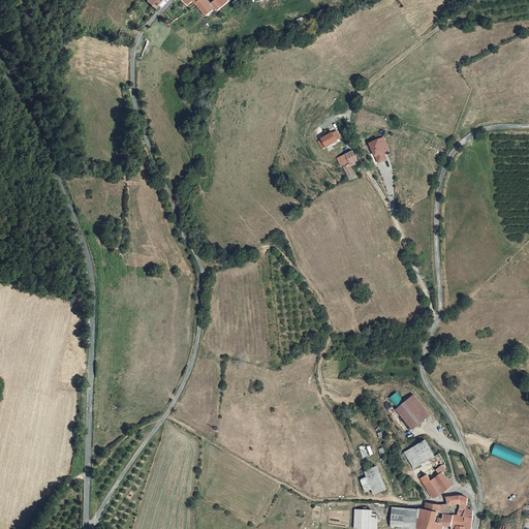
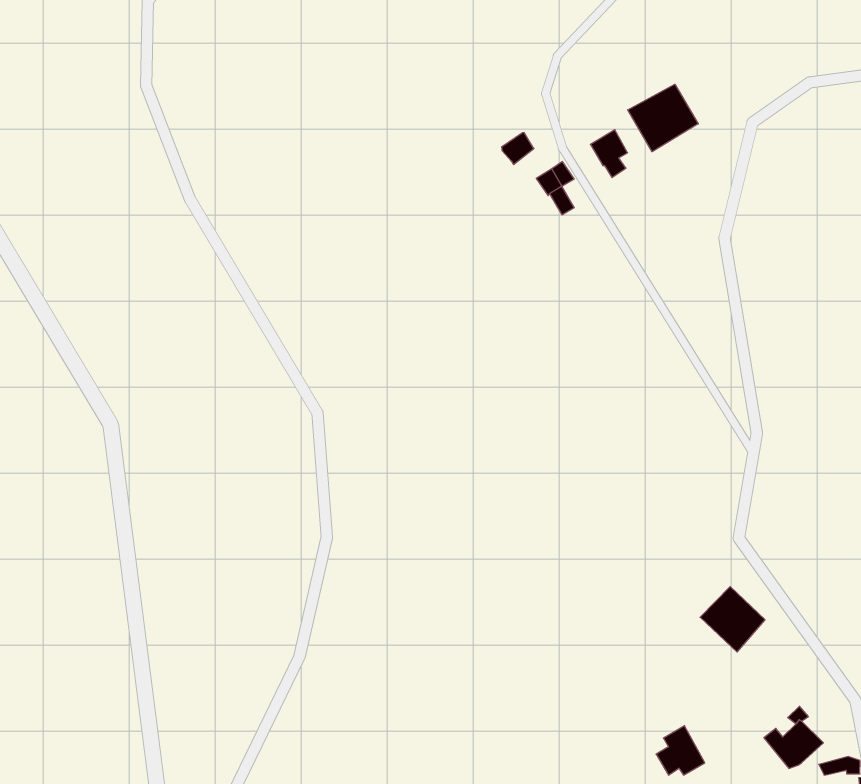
building: none -> [628,84,698,152]
building: [403,440,434,469] -> none

